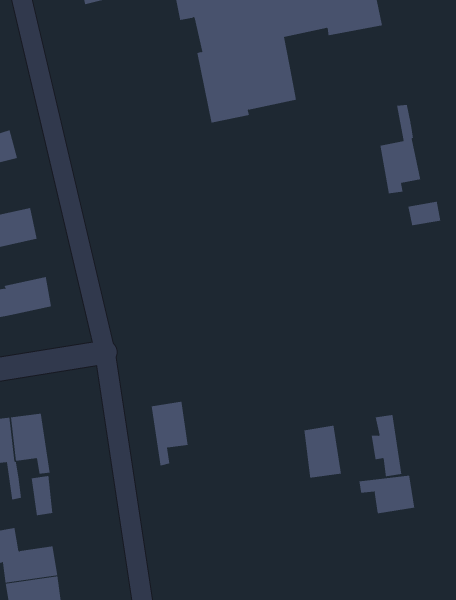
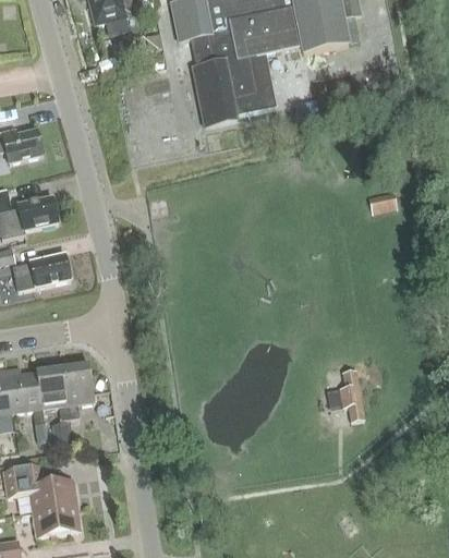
building: [380,104,421,194] -> none
building: [151,401,189,466] -> [61,364,93,418]
building: [304,425,341,478] -> none
building: [359,475,415,514] -> none

